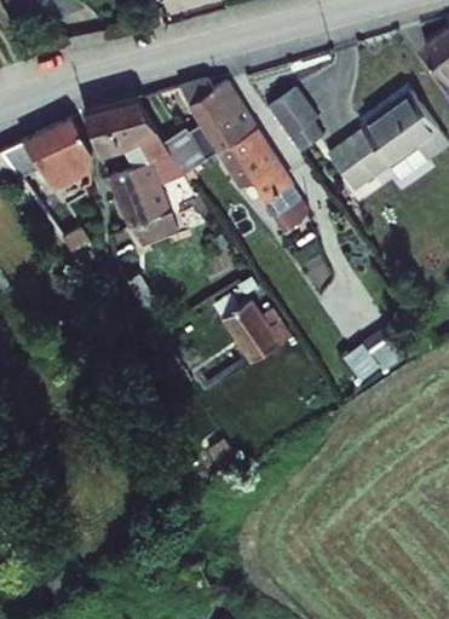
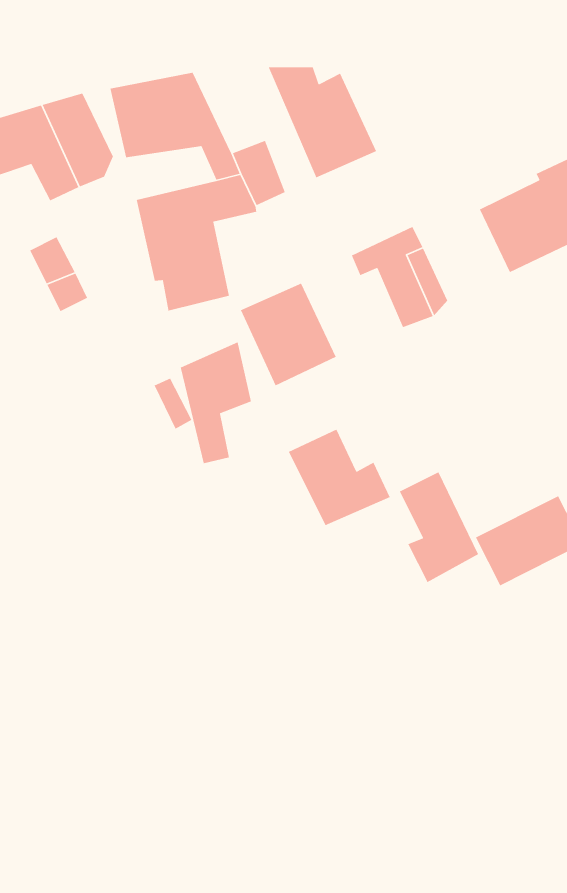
building: [263,83,321,152] -> none
building: [220,129,283,195] -> [240,283,337,386]
building: none -> [180,341,252,464]
building: none -> [399,471,479,583]

